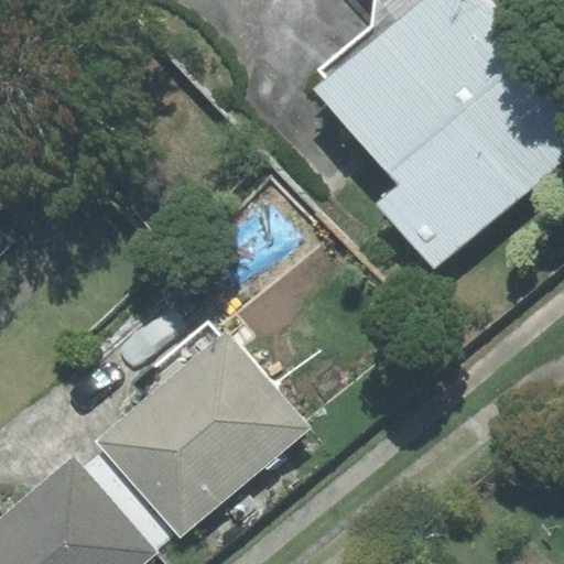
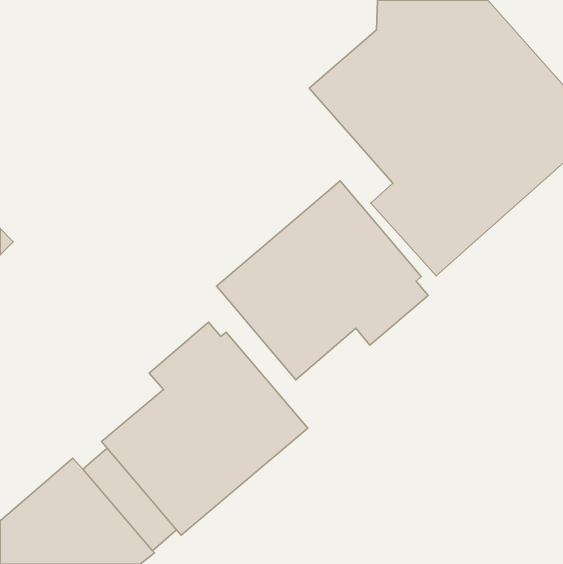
building: none -> [216,181,428,380]

